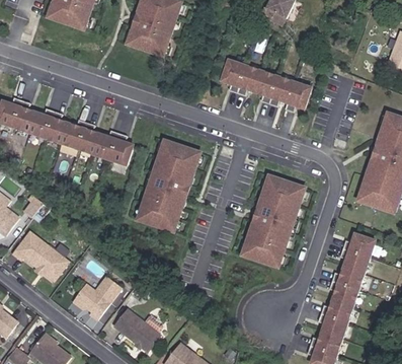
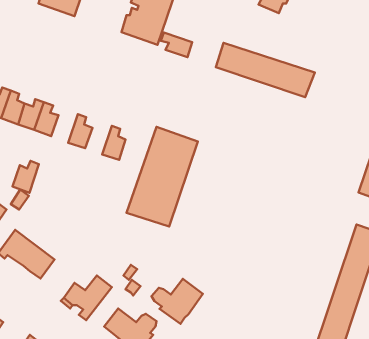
building: none -> [161,33,192,57]
building: [62,121,87,151] -> [12,161,39,193]
building: [94,132,119,162] -> none
building: [238,171,306,268] -> none
building: none -> [151,279,203,324]

